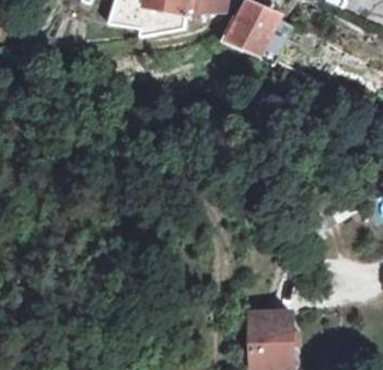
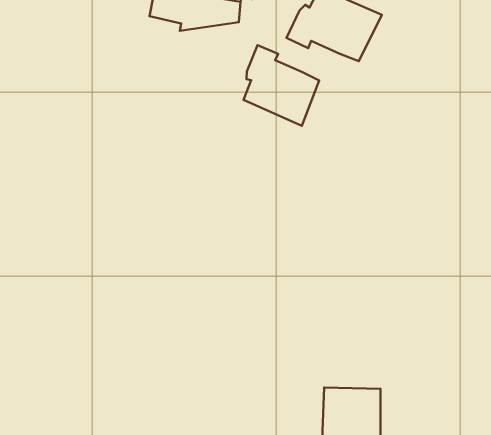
building: none -> [244,45,319,126]

